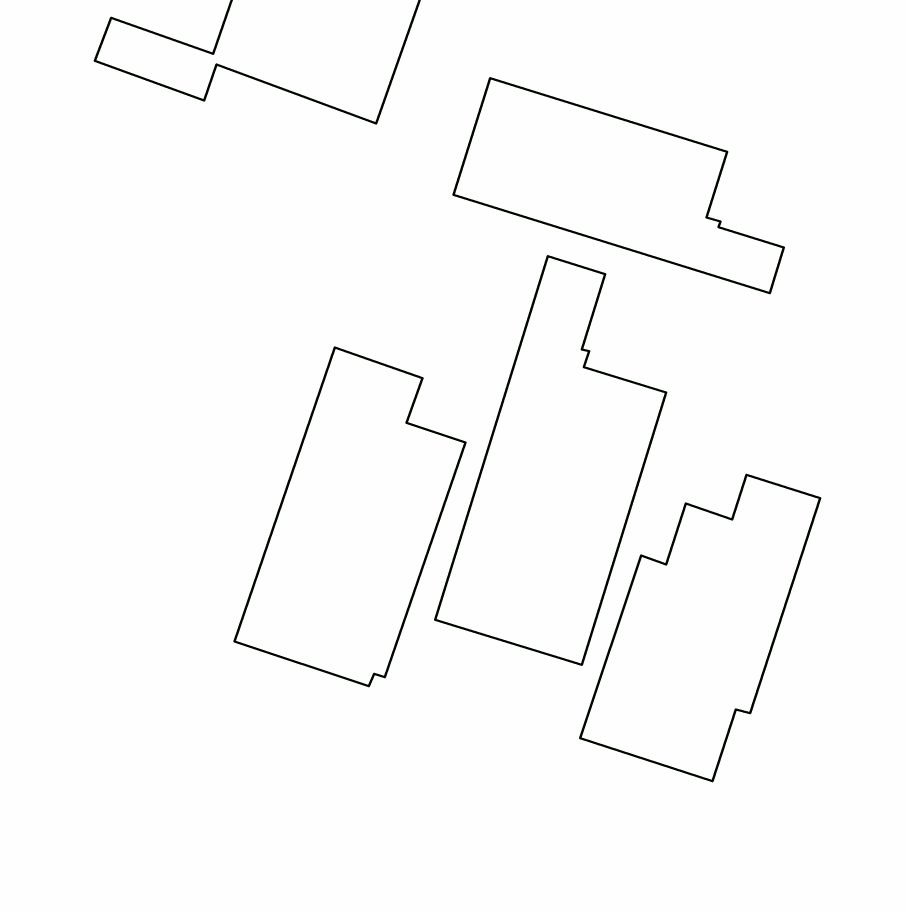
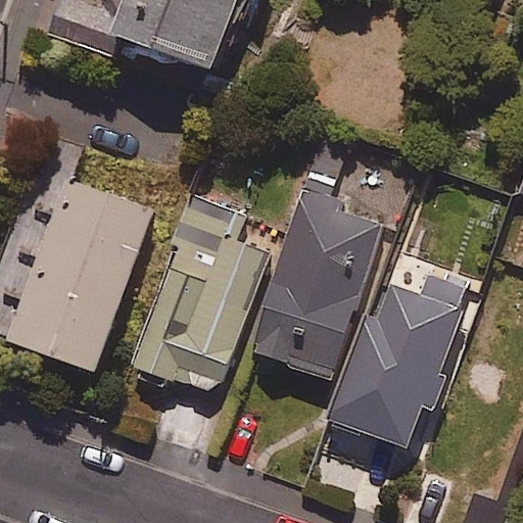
building: [453,78,784,293] -> none
building: none -> [9,180,152,371]

